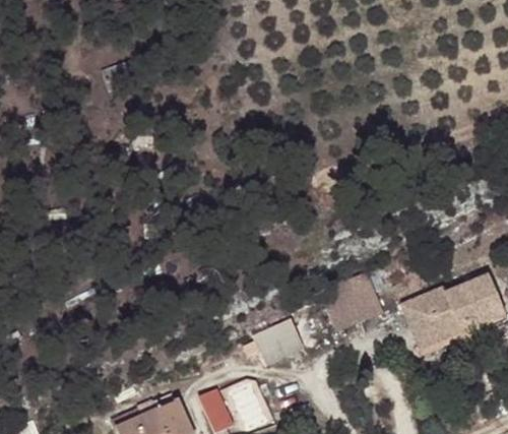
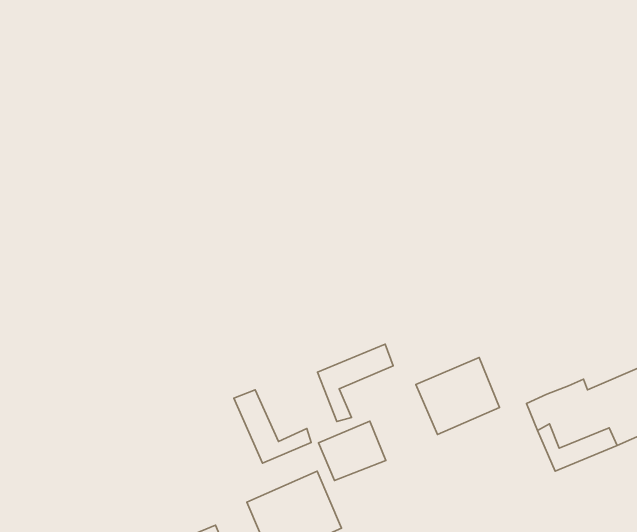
building: none -> [318,344,393,421]
building: none -> [234,390,311,463]

